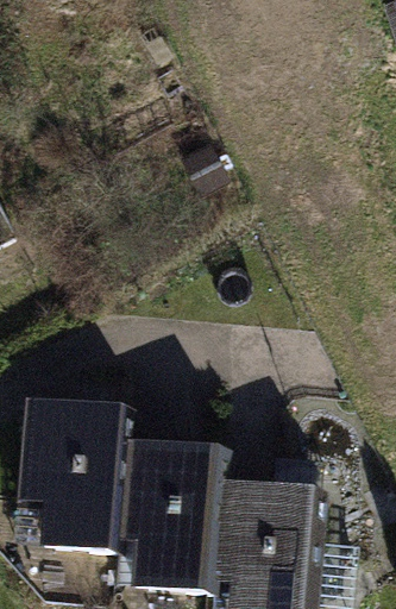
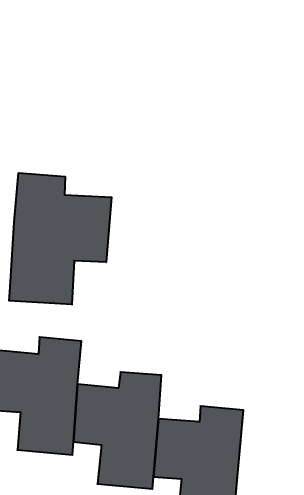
building: none -> [9,173,112,305]

